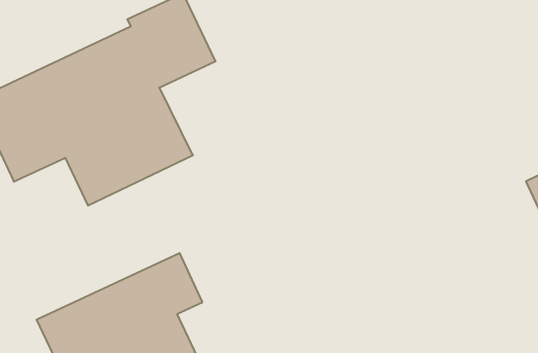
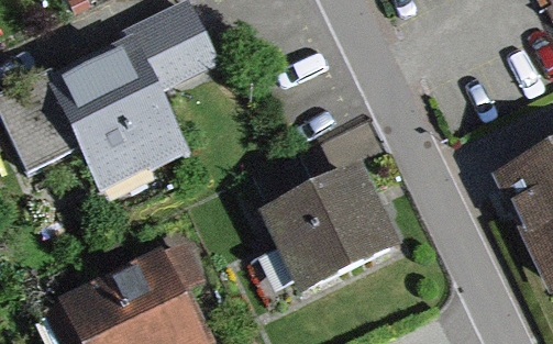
building: none -> [261,157,408,297]

